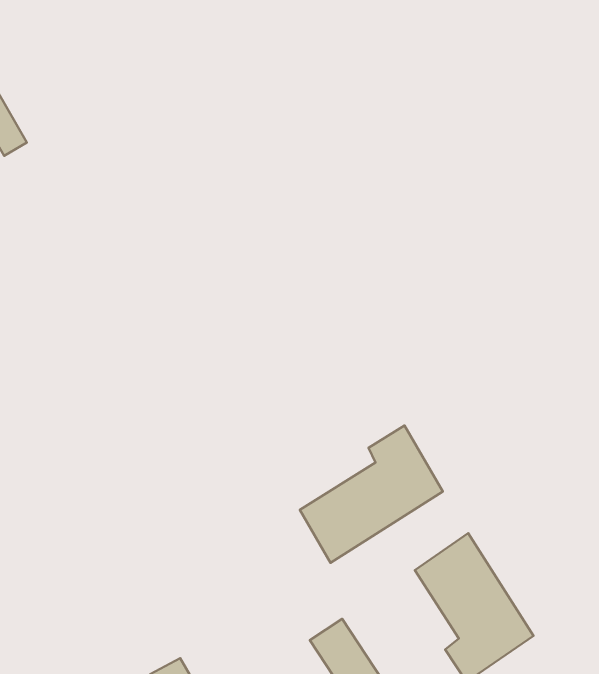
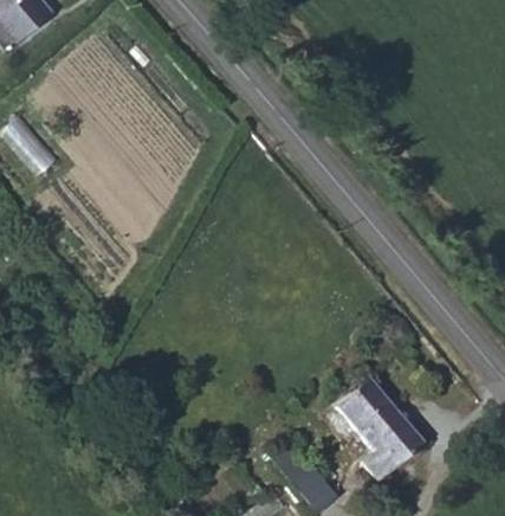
building: [300,425,443,563] -> none

